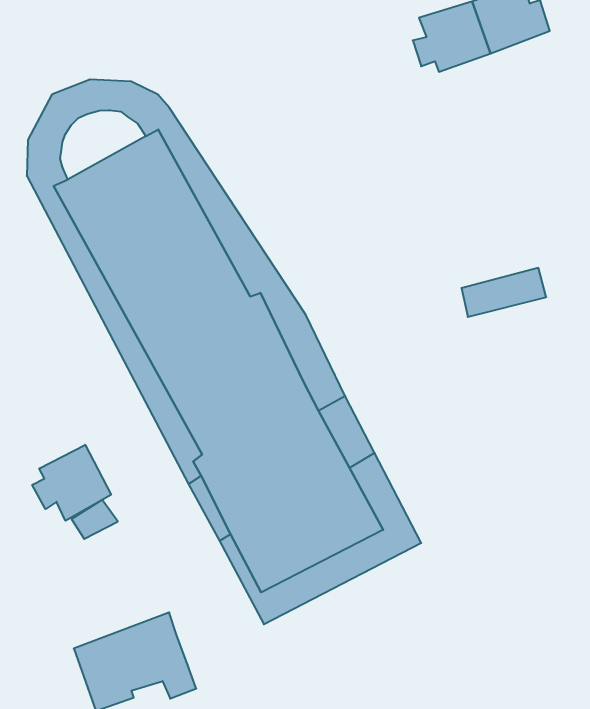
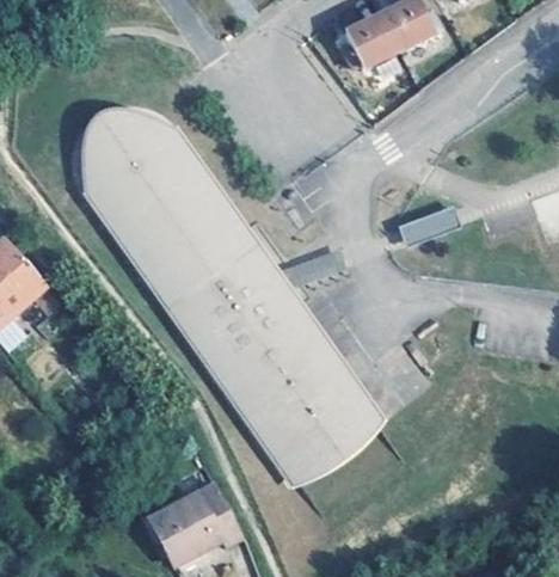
building: none -> [98,129,158,183]
building: [32,445,111,521] -> none

